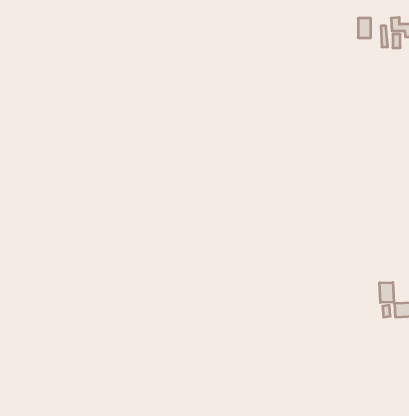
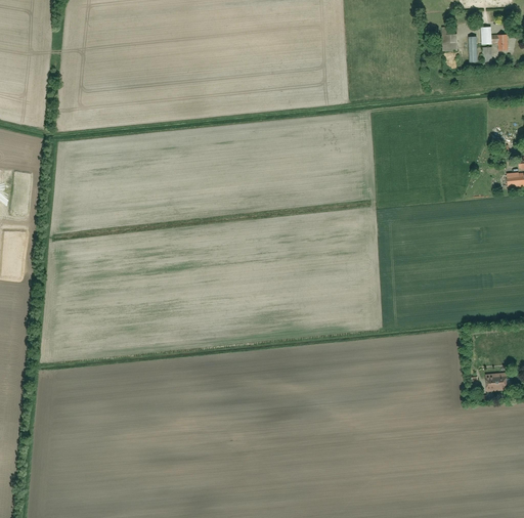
building: [380,282,394,303] -> none

